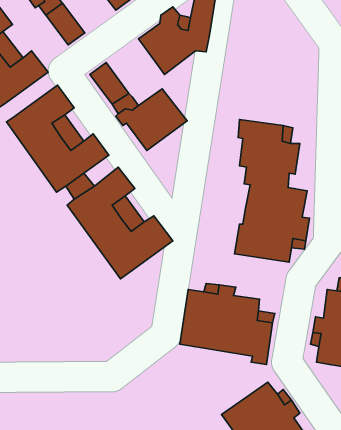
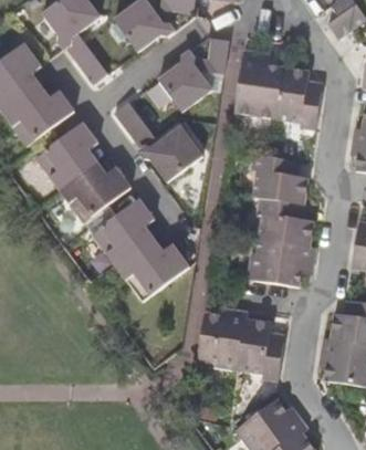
building: none -> [236,49,322,128]

